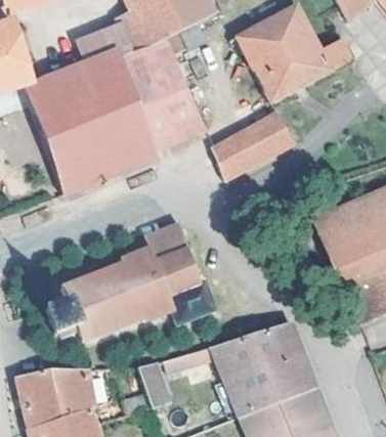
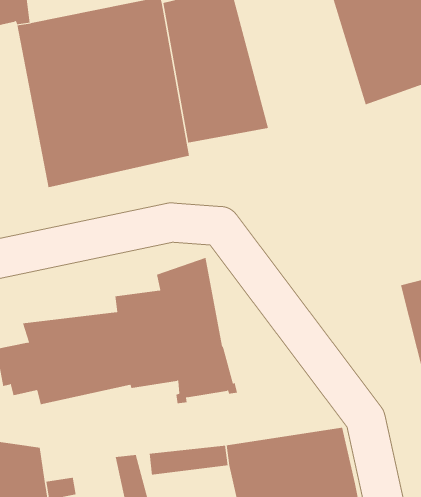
building: [210,108,292,176] -> none

